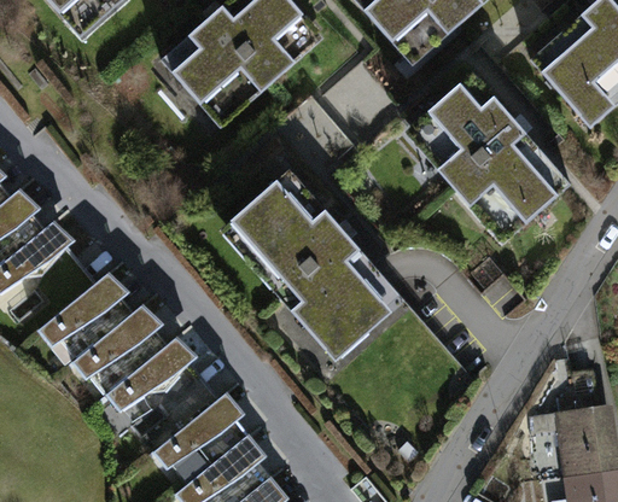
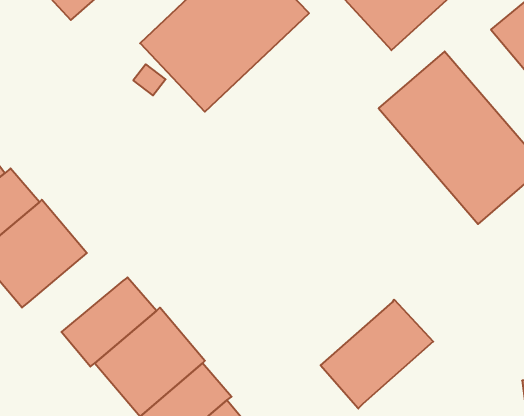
building: [225,165,414,362] -> none
building: [39,275,136,368] -> none
building: none -> [321,300,433,409]

